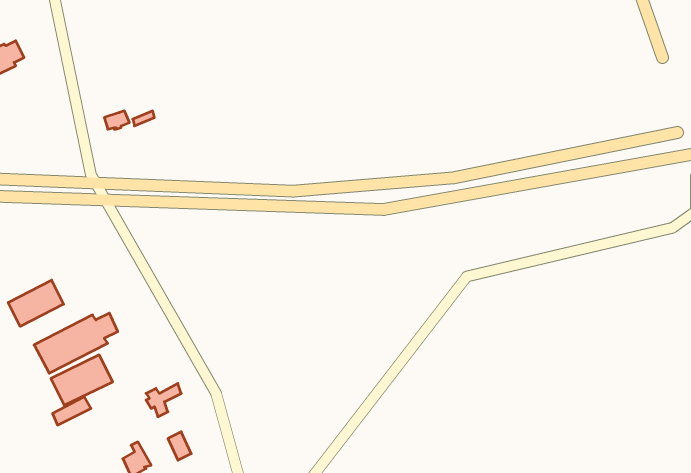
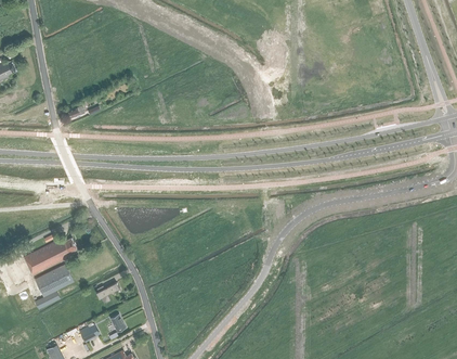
building: [8,280,64,326] -> none

